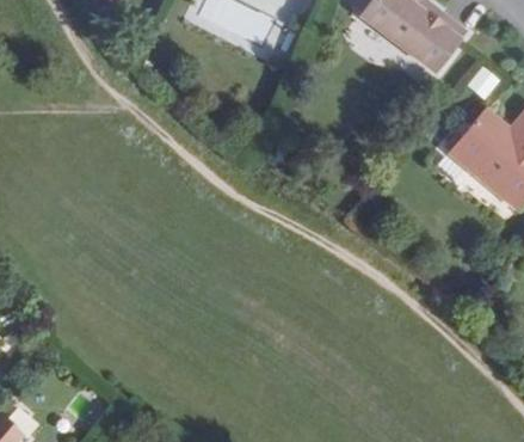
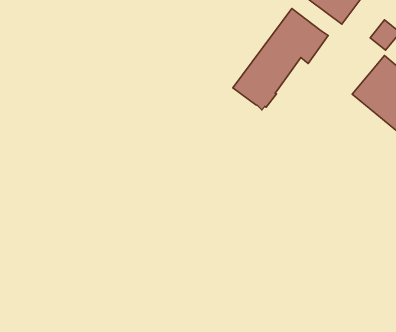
building: none -> [233,9,328,110]

